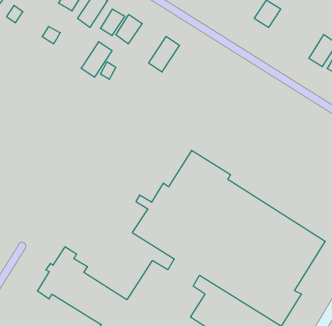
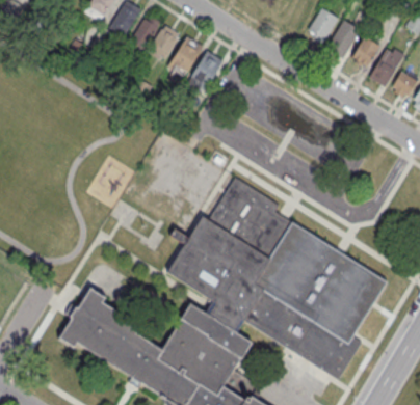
building: none -> [327,21,360,56]
building: none -> [352,36,382,68]
building: [81,42,112,77] -> [167,35,203,76]

